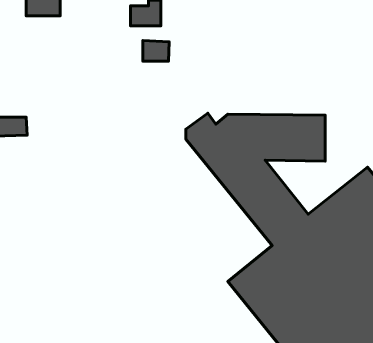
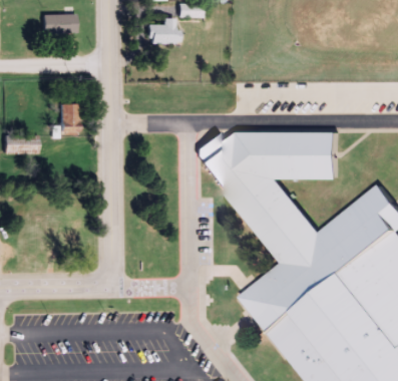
building: [143,41,169,61] -> none
building: none -> [61,103,80,134]

